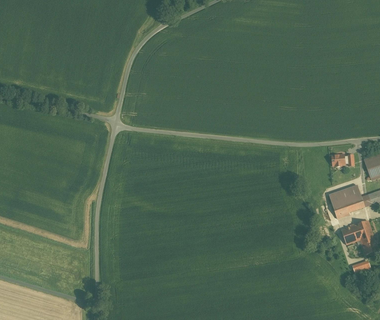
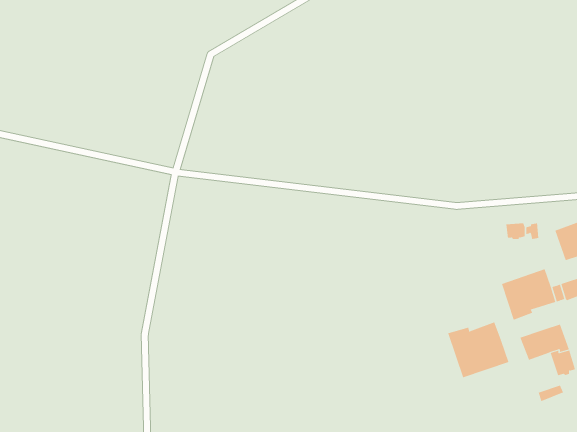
building: none -> [447,322,509,378]

